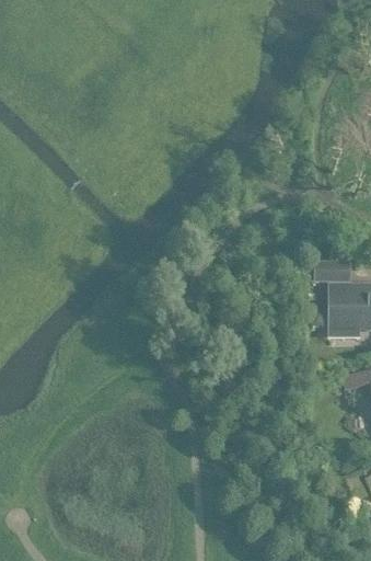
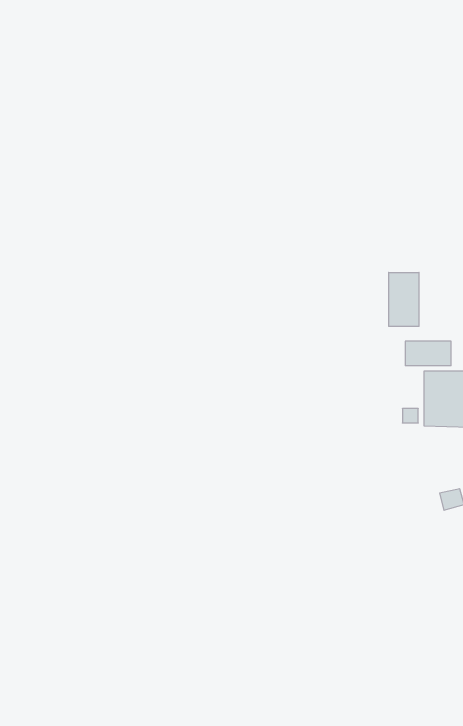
building: none -> [389,272,419,326]

